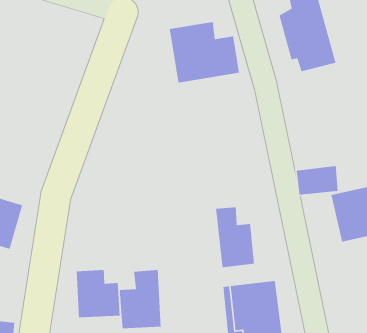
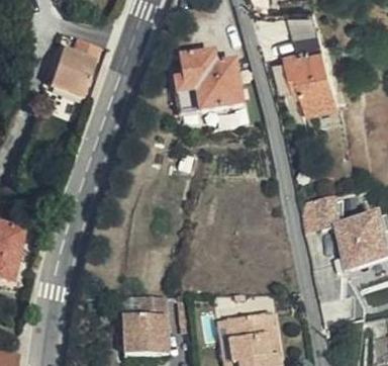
building: none -> [55,35,106,92]
building: [215,207,255,268] -> none
building: [76,269,120,318] -> none

